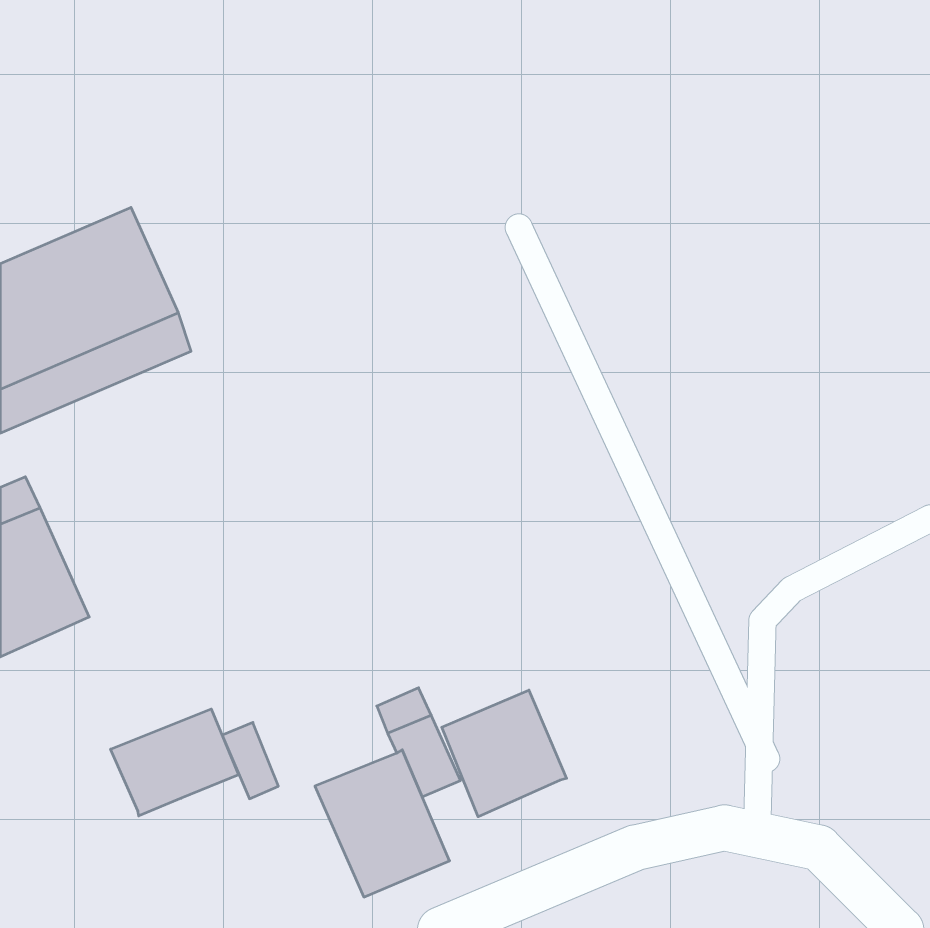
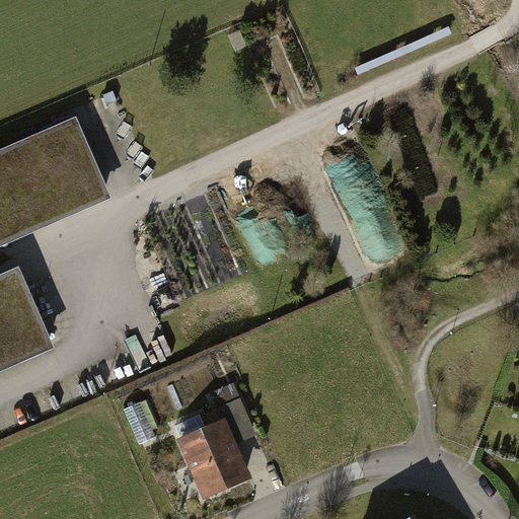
building: [442,690,567,817] -> none
building: [111,709,238,816] -> none

